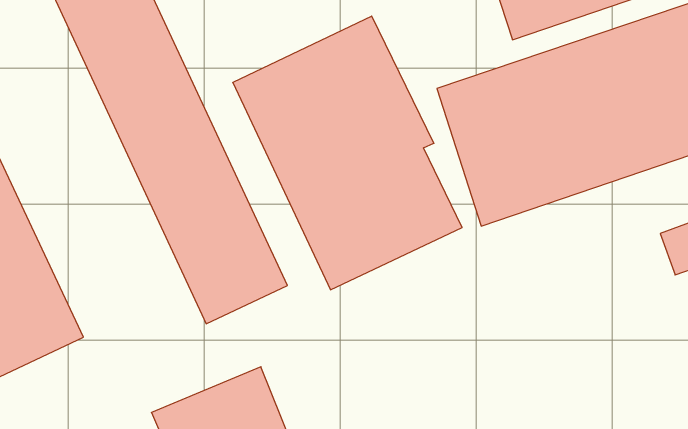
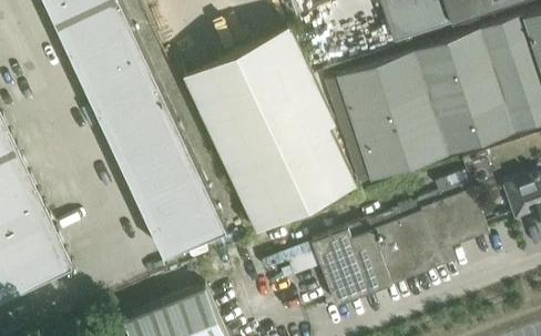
building: none -> [310,186,489,307]

